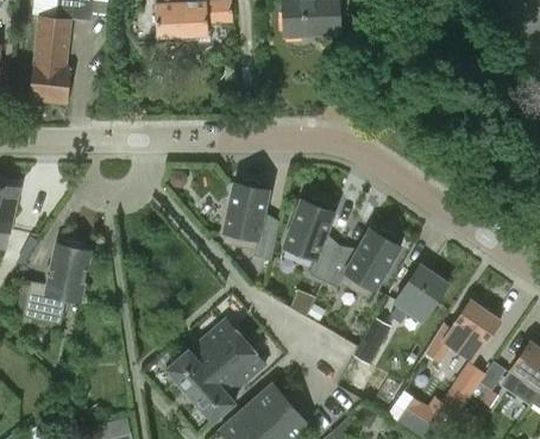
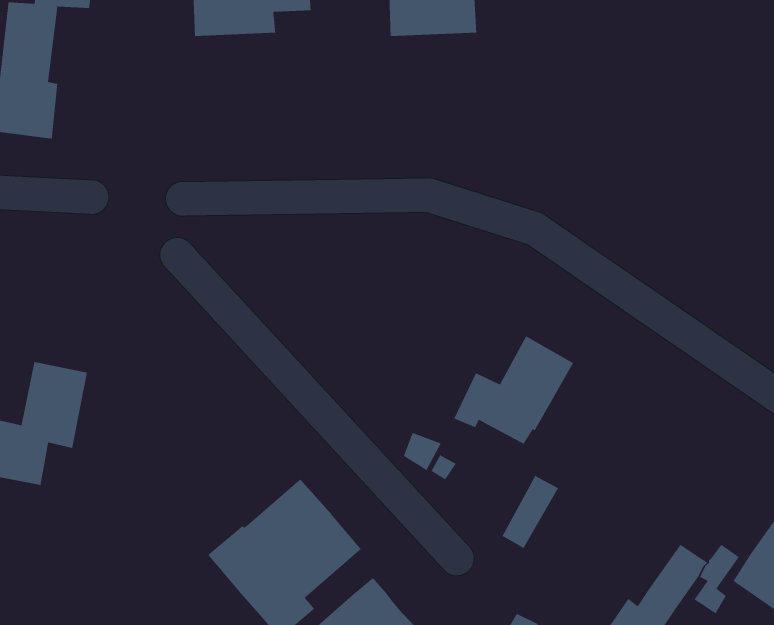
building: [222,182,277,259] -> none
building: [283,199,337,281] -> none
building: [388,264,447,332] -> none
building: [426,297,500,359] -> none

